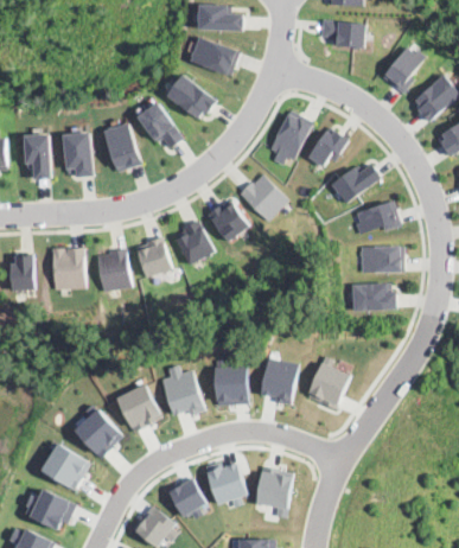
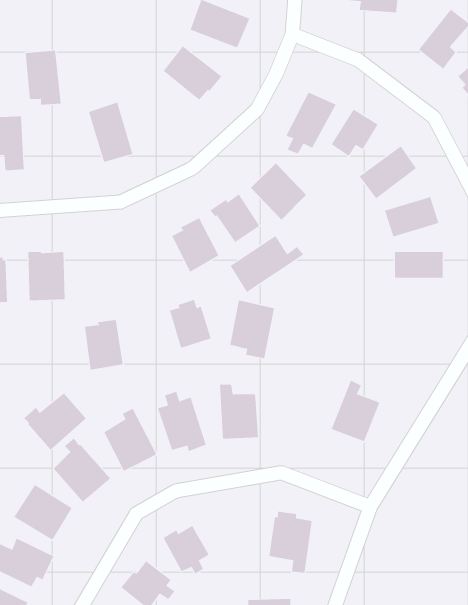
building: [136,102,183,149] -> none
building: [63,132,94,178] -> [25,50,61,105]
building: none -> [230,235,304,293]
building: [138,236,173,278] -> [169,299,211,348]
building: [97,249,130,292] -> [84,319,124,370]
building: [352,283,395,311] -> none
building: [260,357,298,407] -> [230,300,275,359]
building: none -> [23,393,86,450]
building: [203,461,246,508] -> none

